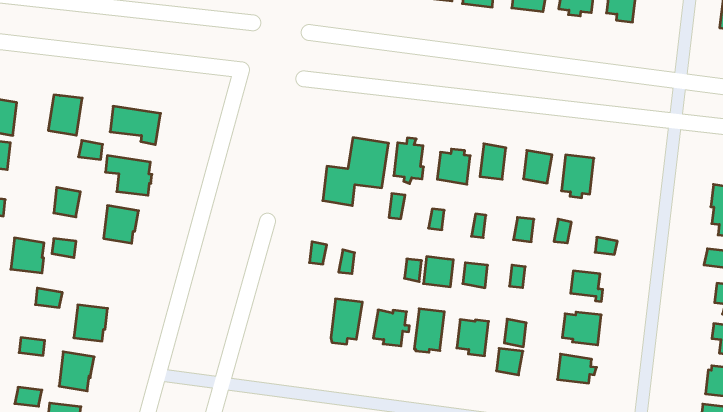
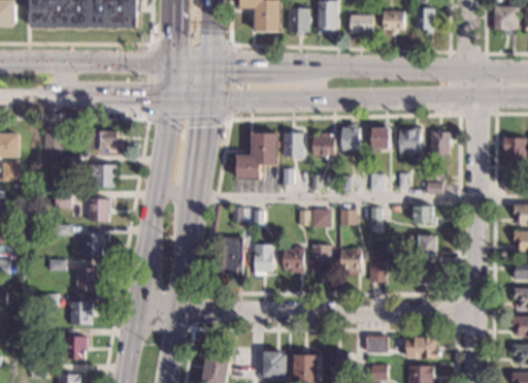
building: none -> [430,130,449,154]
building: [11,238,44,273] -> [84,235,105,257]
building: none -> [223,238,242,273]

